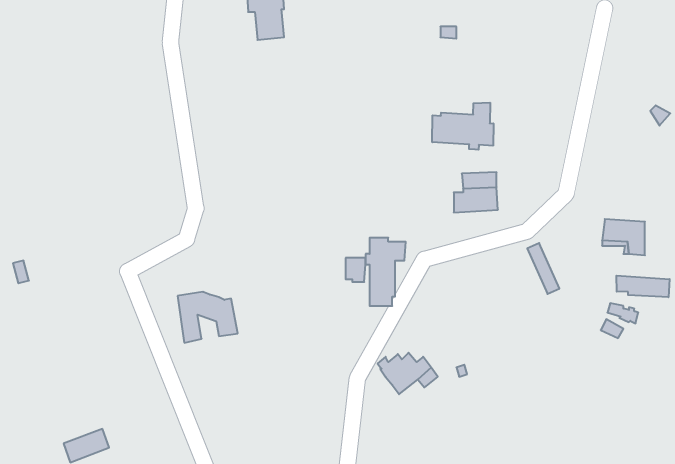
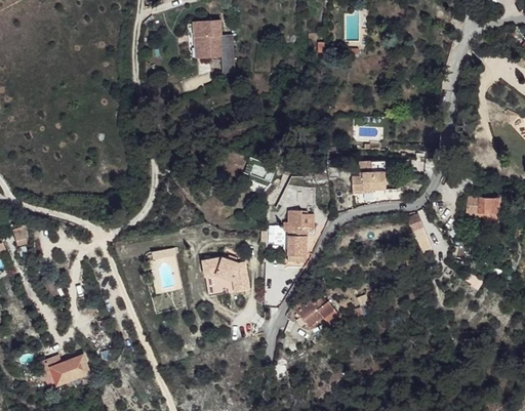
building: [432,103,493,150] -> none
building: [616,276,670,297] -> none
building: [178,292,238,343] -> [203,257,249,296]

